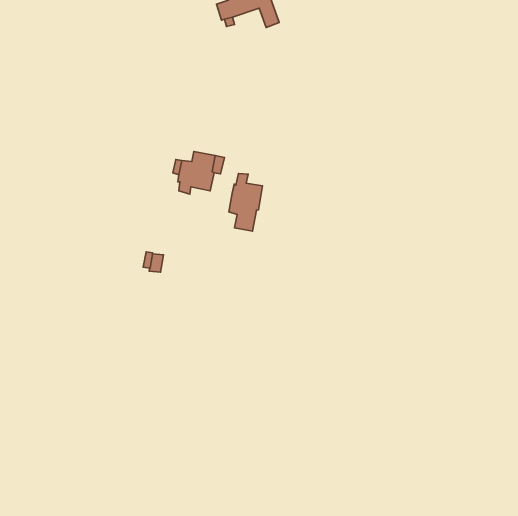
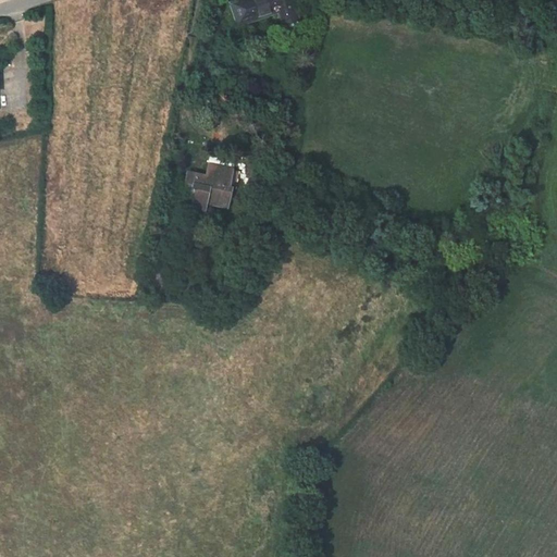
building: [229,174,263,231] -> none

